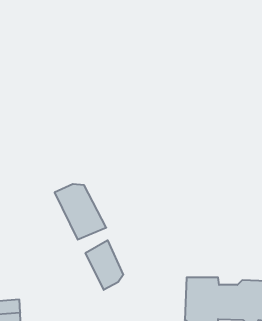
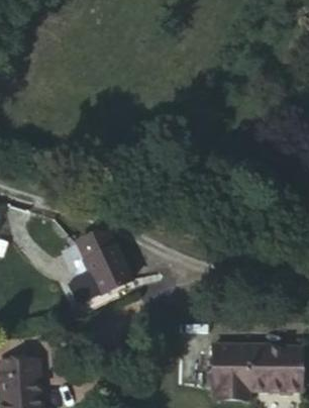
building: [86,240,123,290] -> none

